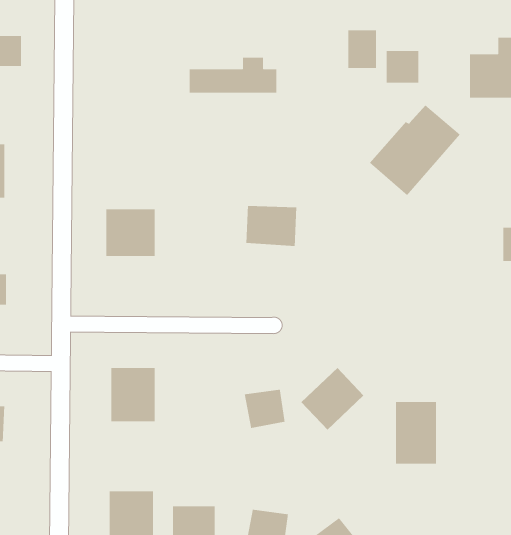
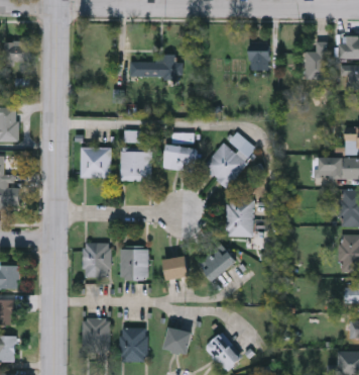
building: [348,29,377,69] -> none
building: [369,104,461,196] -> [202,130,257,186]
building: none -> [120,148,151,179]
building: none -> [120,248,147,280]
building: [395,401,437,464] -> [227,197,252,236]

